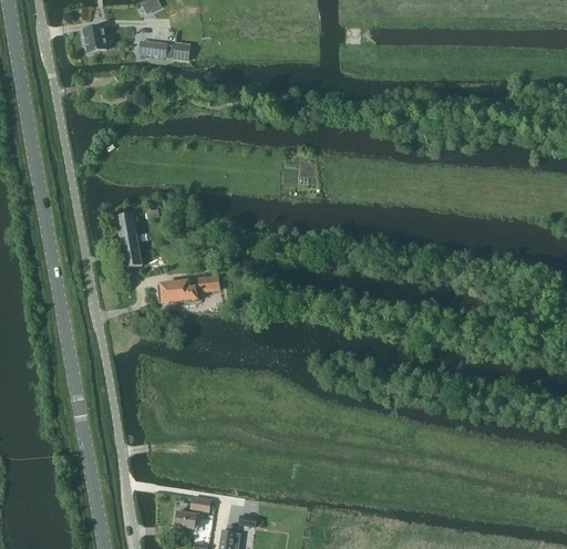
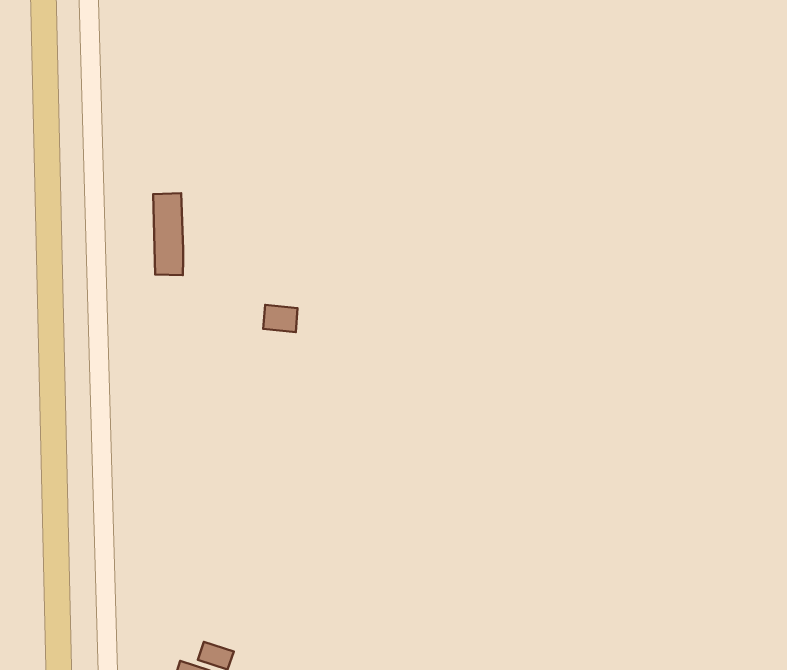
building: [161,280,199,302] -> none

